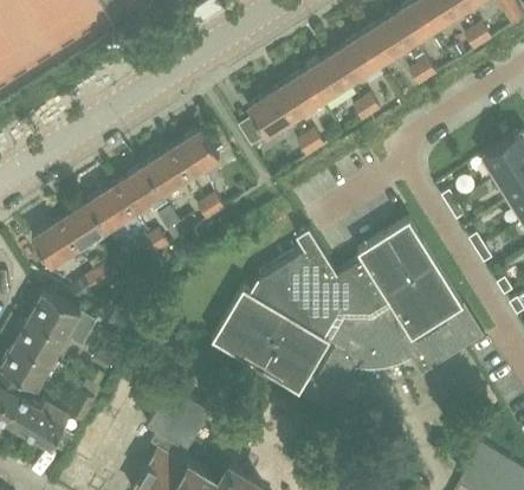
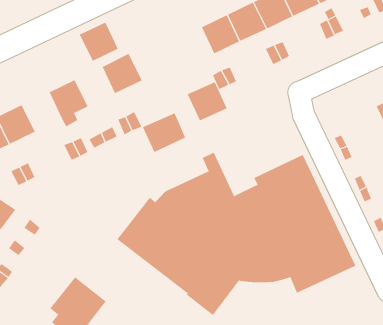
building: [247,92,295,138] -> [187,82,228,121]
building: [143,150,189,196] -> [79,22,118,62]
building: [88,186,134,232] -> none
building: none -> [142,113,186,153]

